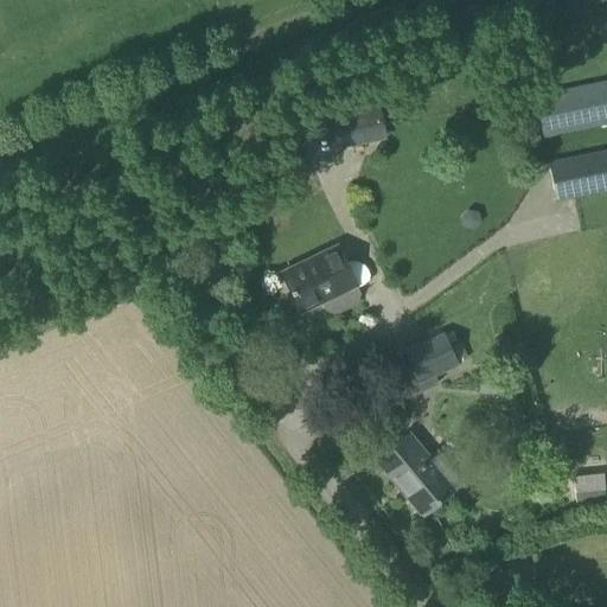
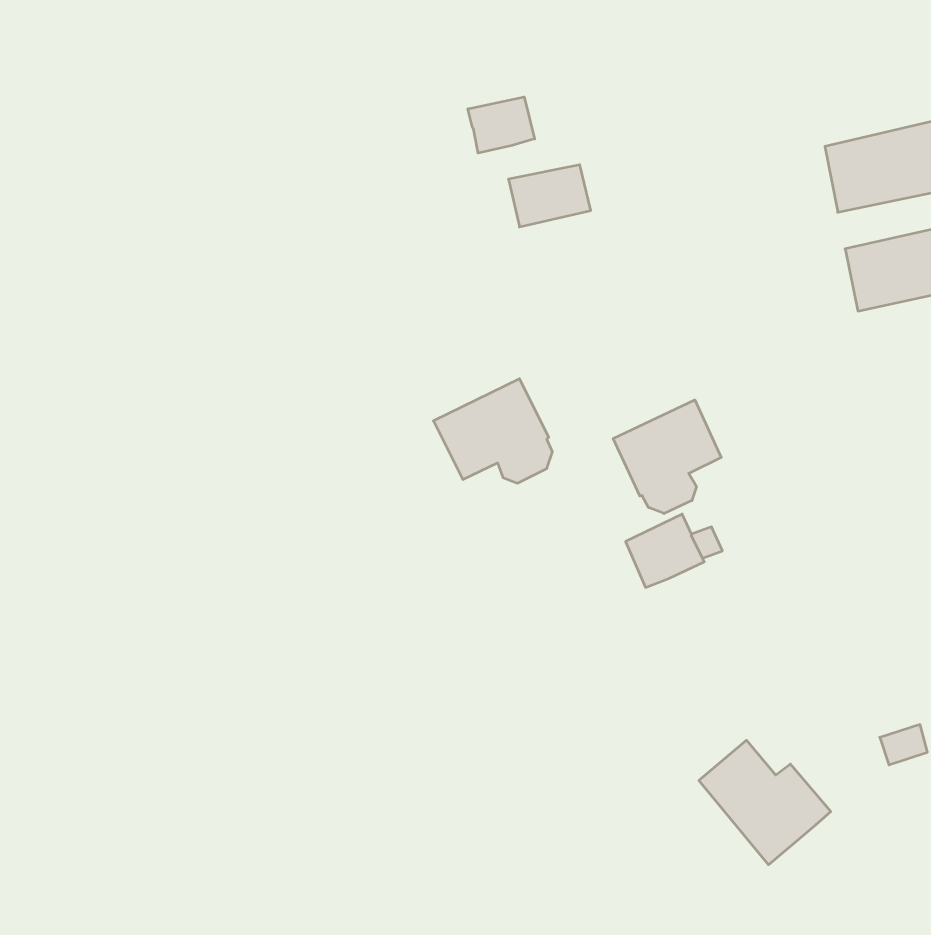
building: none -> [468,97,535,153]
building: none -> [613,400,721,514]
building: [379,434,465,515] -> [699,740,831,865]

